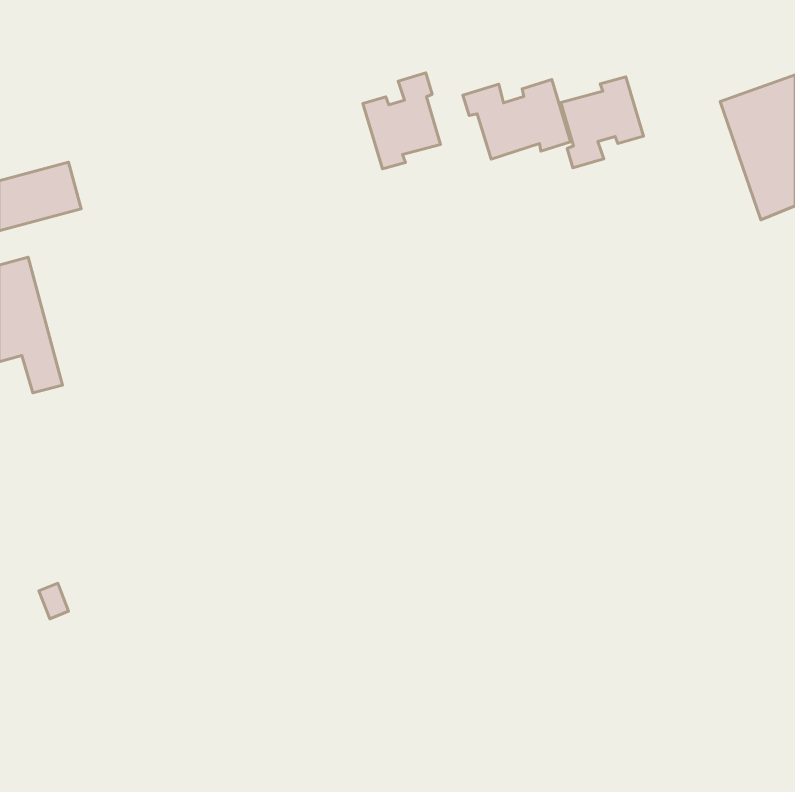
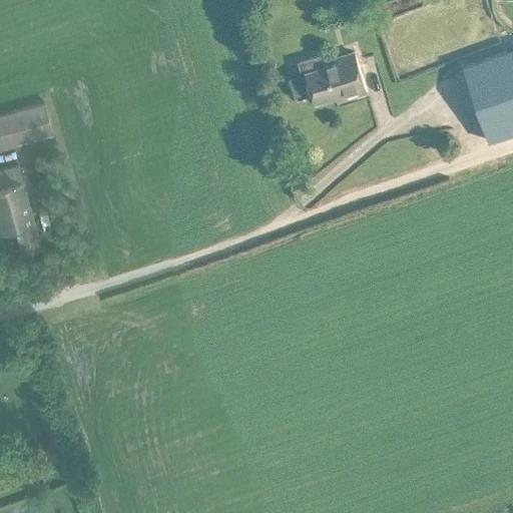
building: [363,73,441,169] -> none
building: [561,77,644,168] -> none

